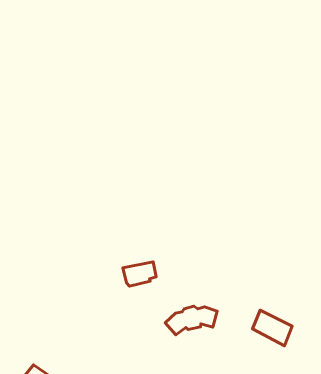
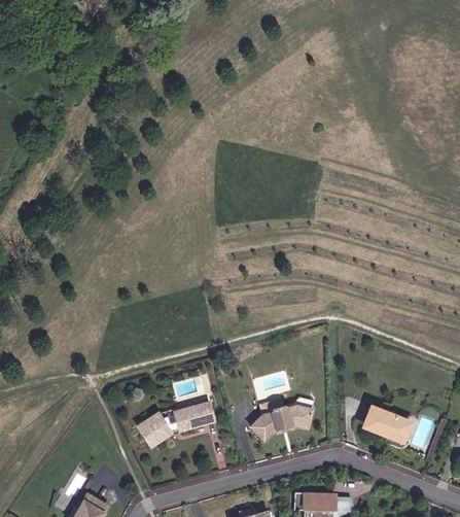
building: [123,262,156,286] -> [173,401,216,434]
building: none -> [138,410,176,449]

